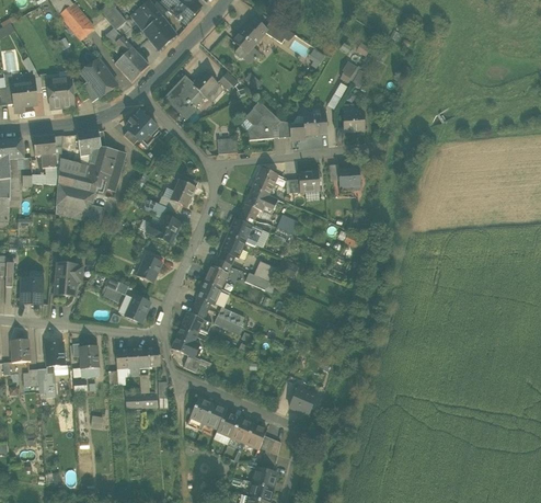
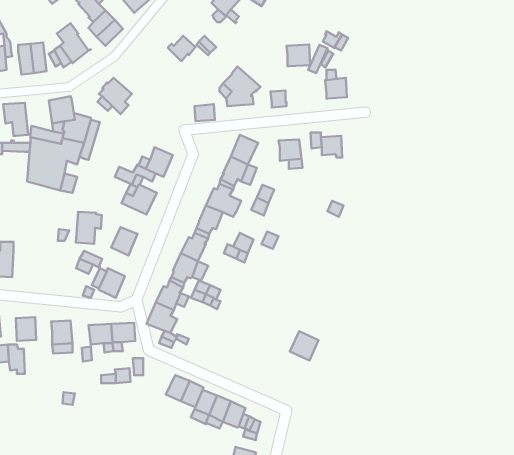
building: [164,77,204,118] -> none
building: [303,114,326,135] -> [286,45,310,66]
building: [56,264,81,295] -> [76,212,102,244]
building: [289,387,316,415] -> [290,331,318,361]

